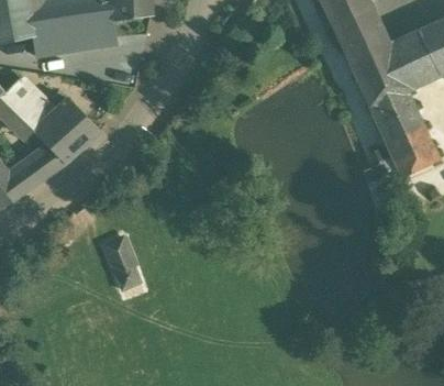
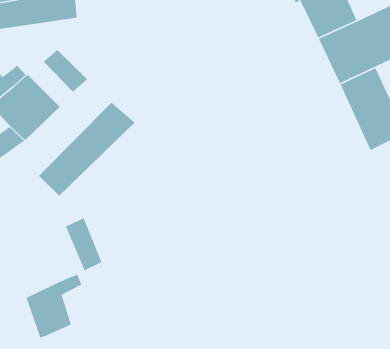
building: none -> [43,49,88,93]
building: none -> [38,102,136,197]
building: none -> [25,274,82,339]

